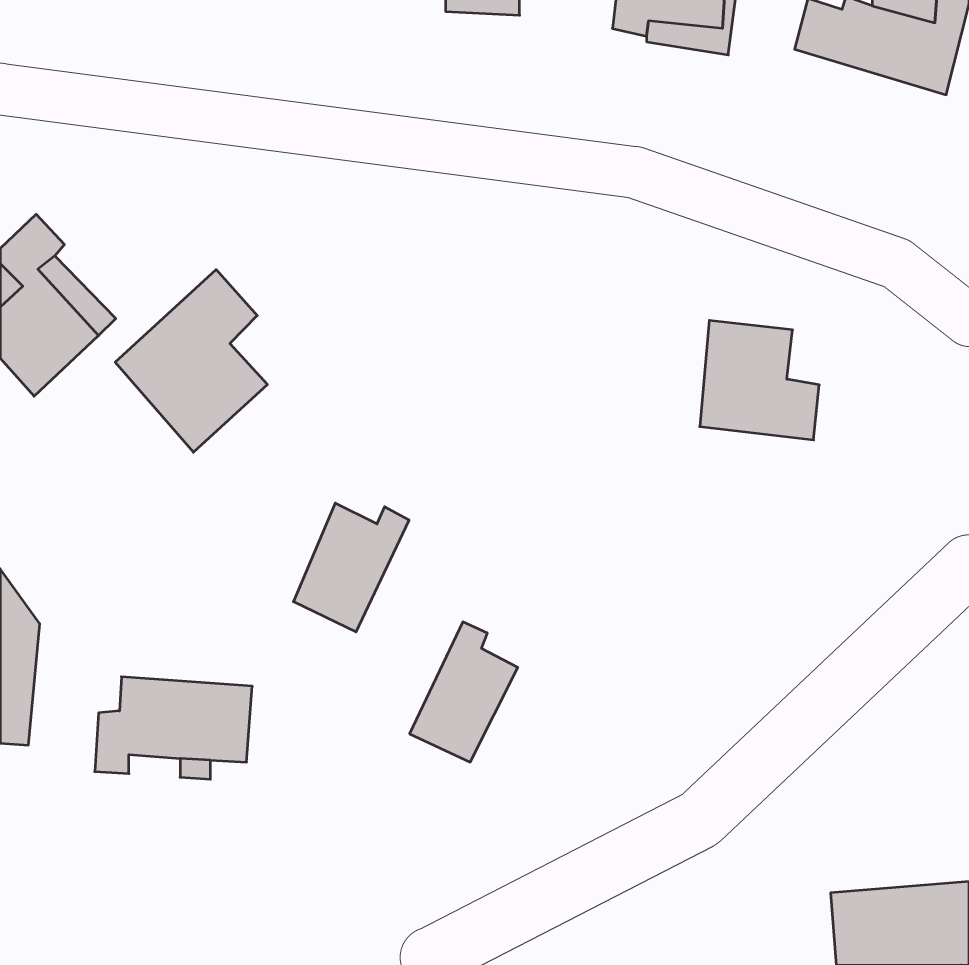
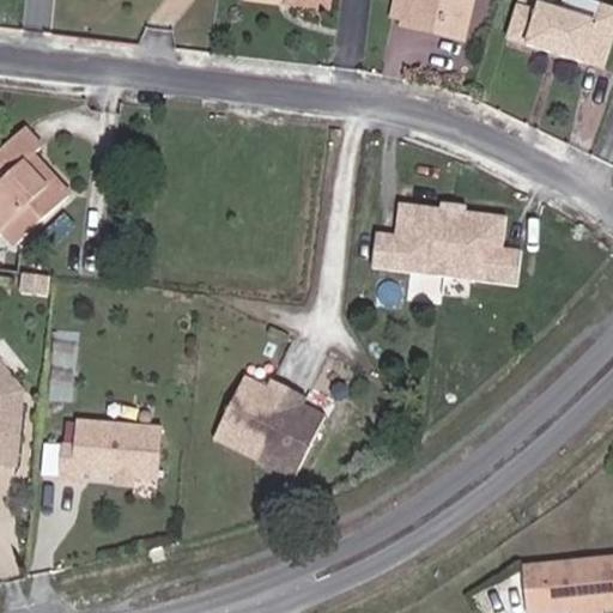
building: [115,270,267,452] -> none
building: none -> [369,196,448,269]
building: [293,503,409,632] -> [219,382,292,463]

